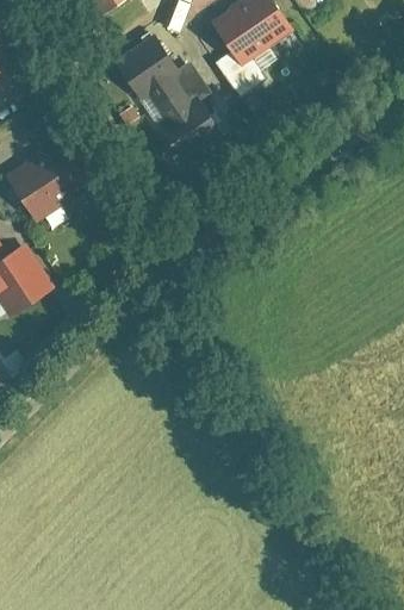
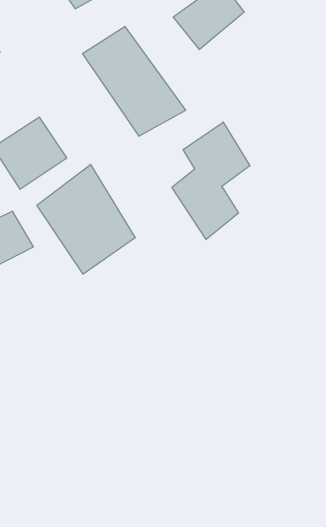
building: none -> [172,122,250,240]
building: none -> [37,164,135,274]

